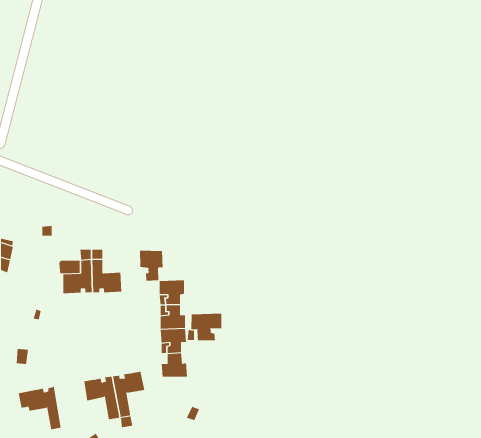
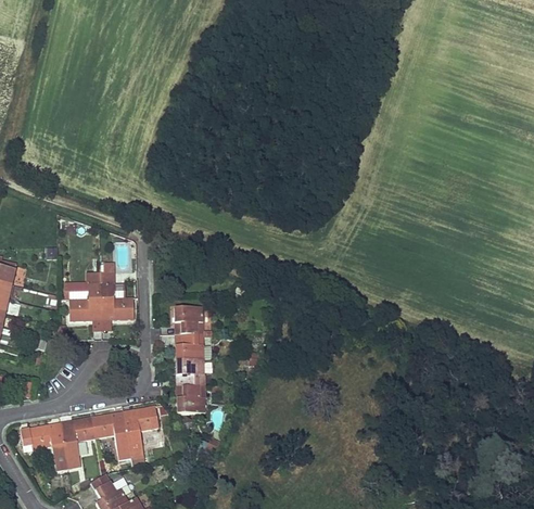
building: [139,250,163,281] -> none
building: [191,313,222,341] -> none
building: none -> [60,417,94,468]

